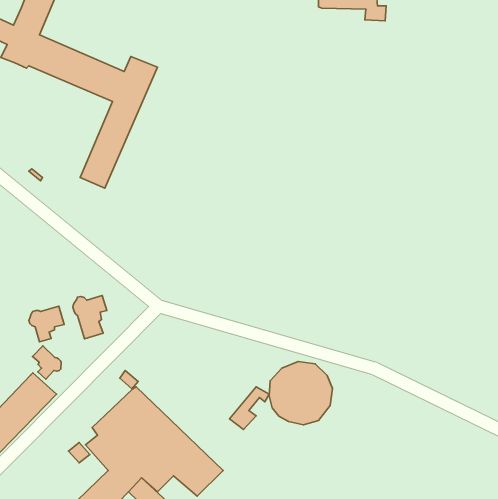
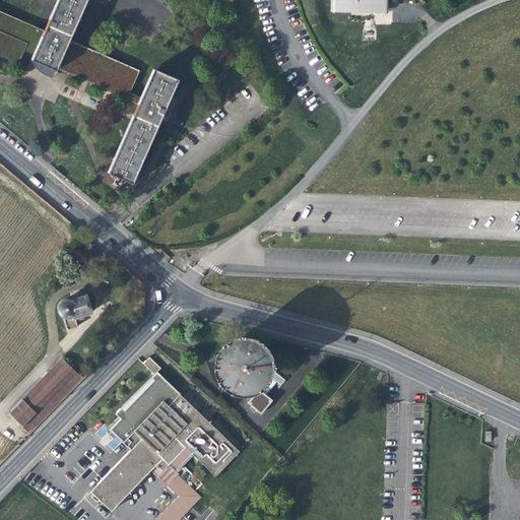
building: [73,296,107,339] -> none
building: [33,346,61,379] -> none
building: [269,362,332,425] -> [203,330,263,390]

